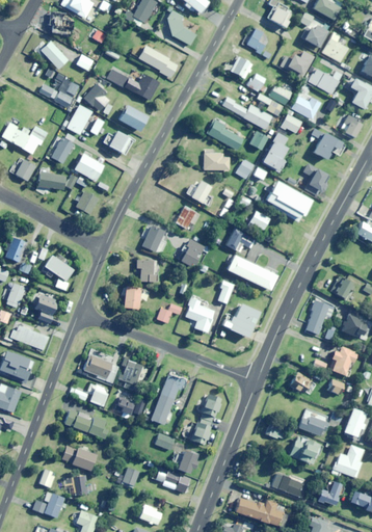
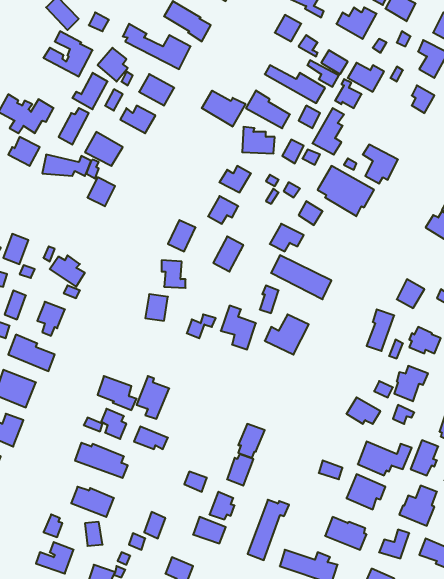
building: none -> [202,91,245,127]
building: [311,127,346,159] -> none
building: [152,375,186,425] -> [248,500,289,560]

